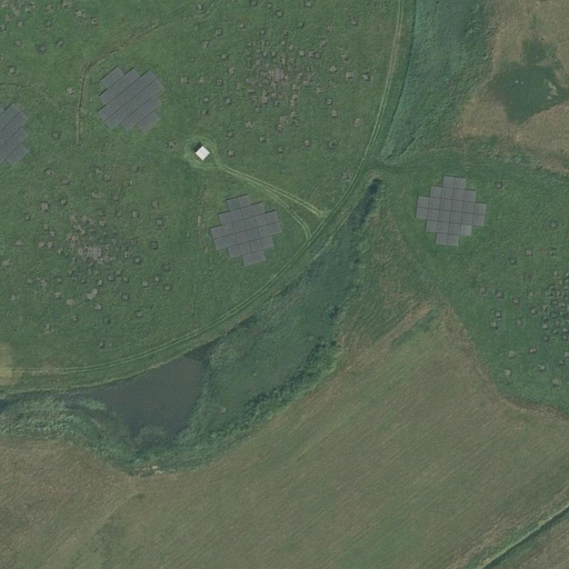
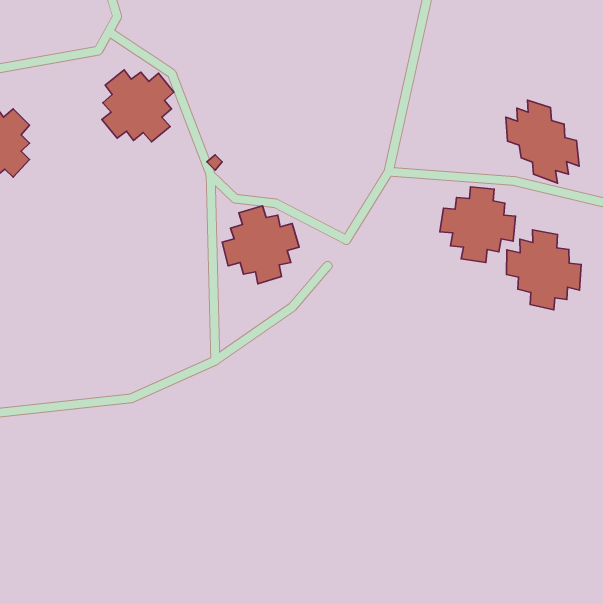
building: none -> [506,100,579,183]
building: none -> [507,230,581,310]

